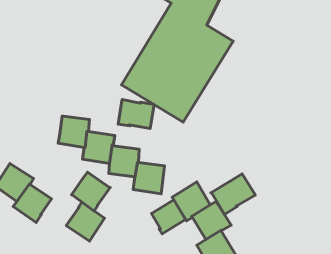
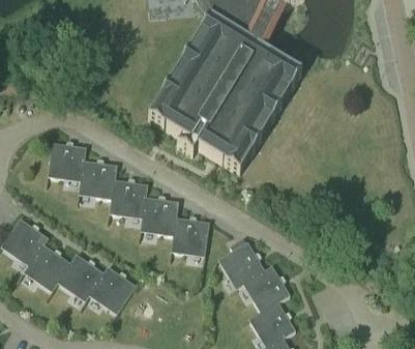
building: [118,99,154,129] -> none
building: none -> [48,144,86,183]
building: [71,172,110,211] -> [57,255,105,302]
building: [211,174,255,214] -> none
building: [152,200,186,234] -> none

